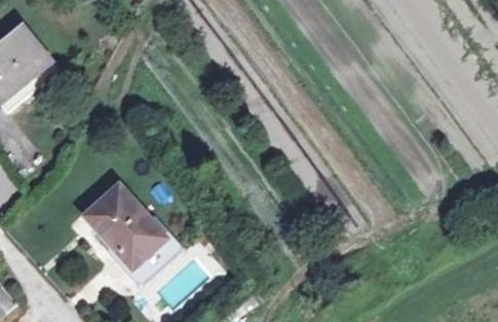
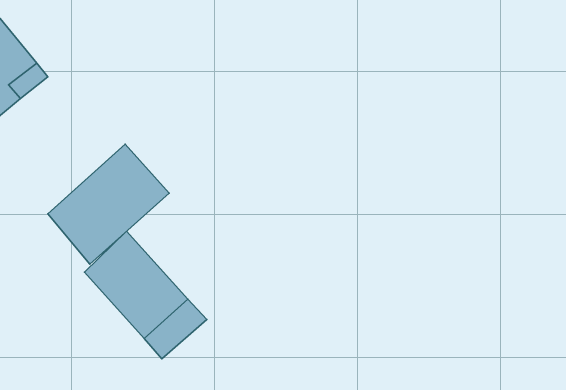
building: none -> [48,144,169,264]

